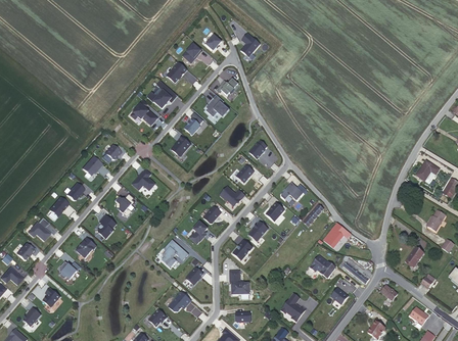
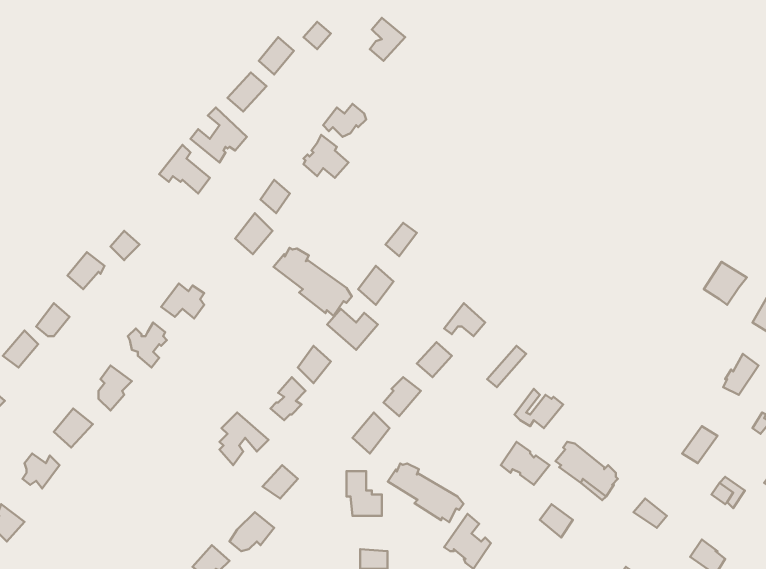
building: none -> [274,248,352,316]
building: none -> [388,463,463,522]

